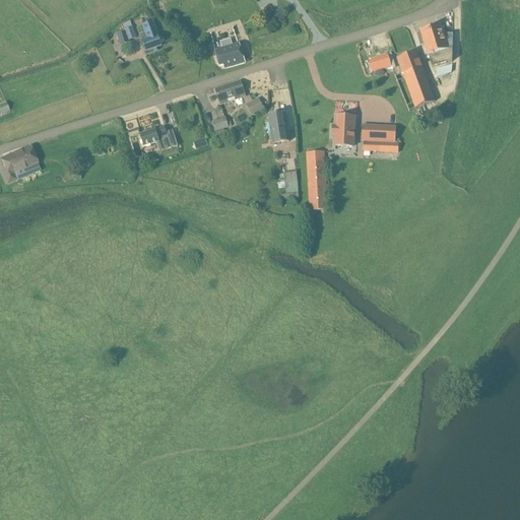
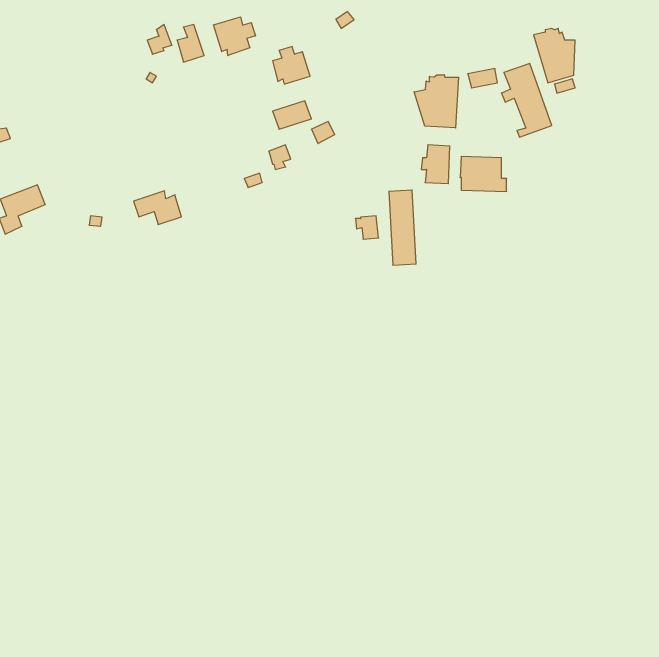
building: none -> [213,17,255,56]
building: none -> [414,75,458,128]
building: [267,111,288,141] -> none
building: [139,124,177,150] -> [134,191,181,225]

